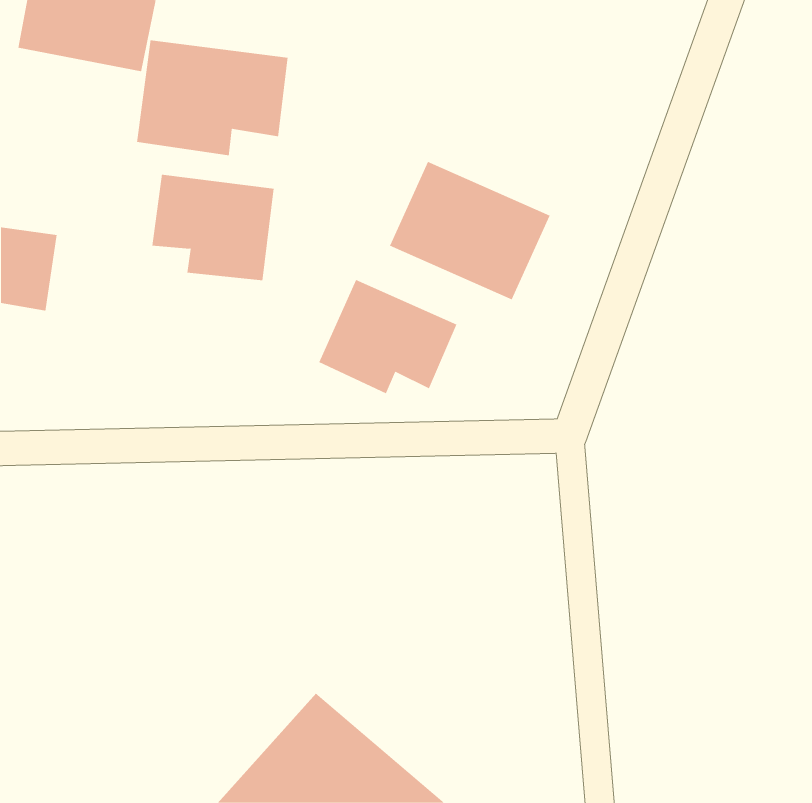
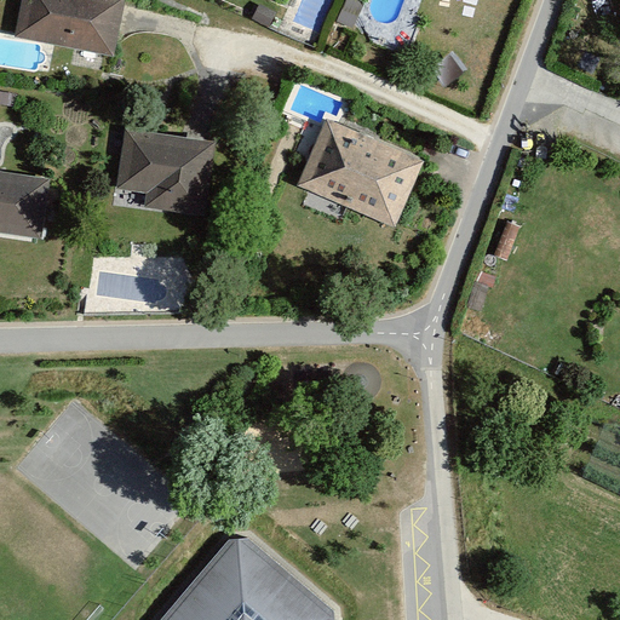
building: [136,40,288,156] -> none
building: [318,279,457,394] -> none

